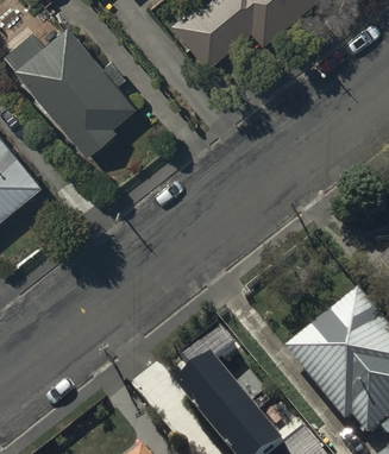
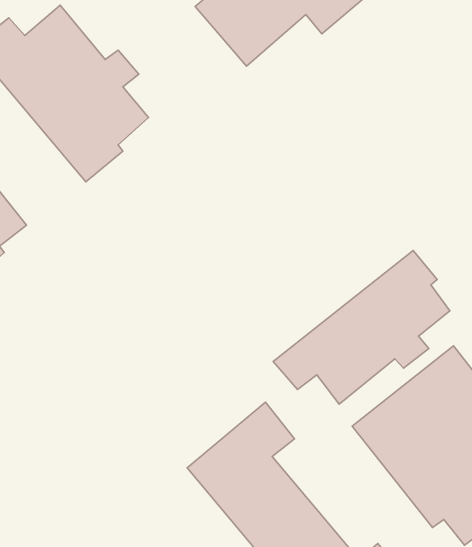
building: none -> [273,250,450,404]

